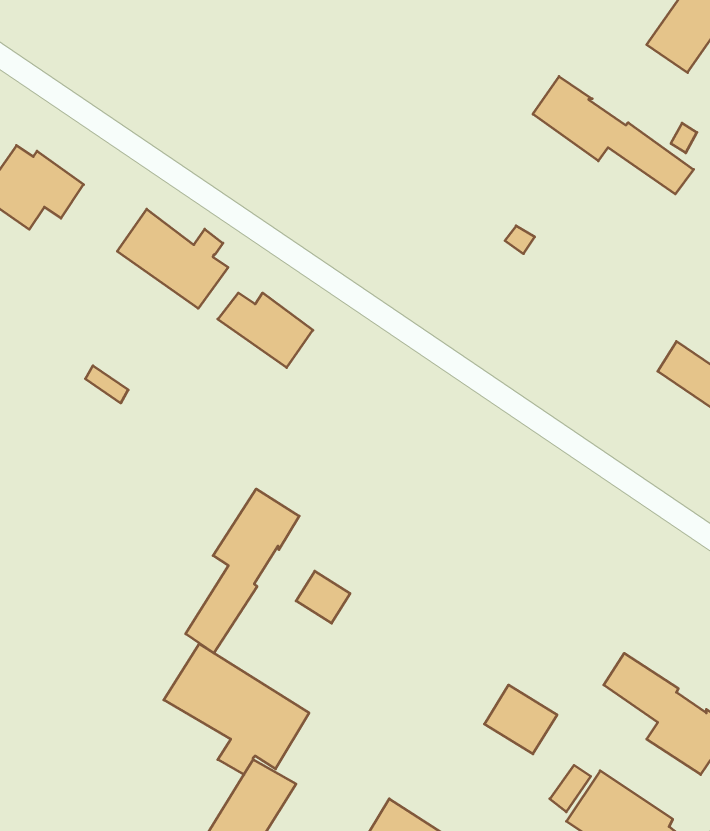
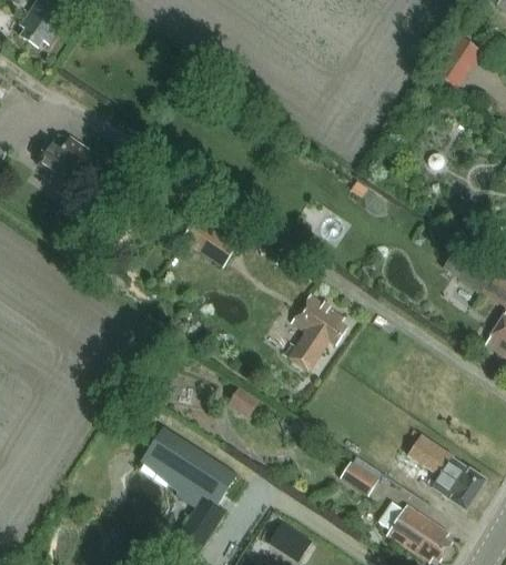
building: [533,76,694,194] -> none
building: [117,209,228,308] -> none
building: none -> [290,295,350,372]
building: [186,489,299,653] -> none

